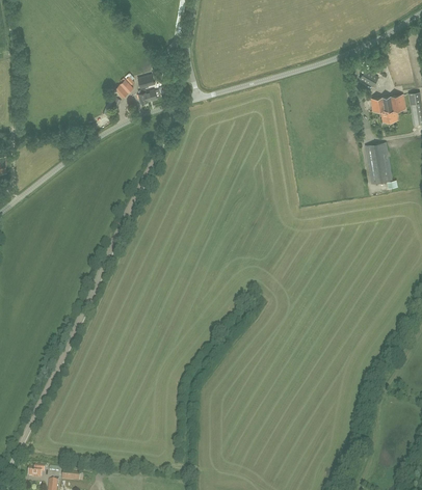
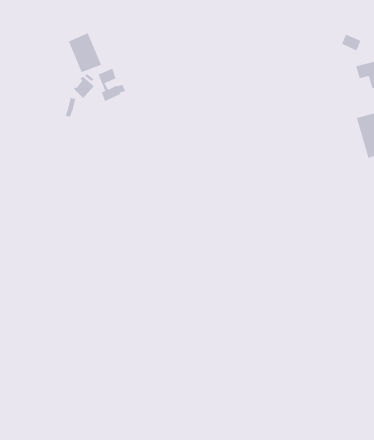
building: none -> [68,32,102,73]

